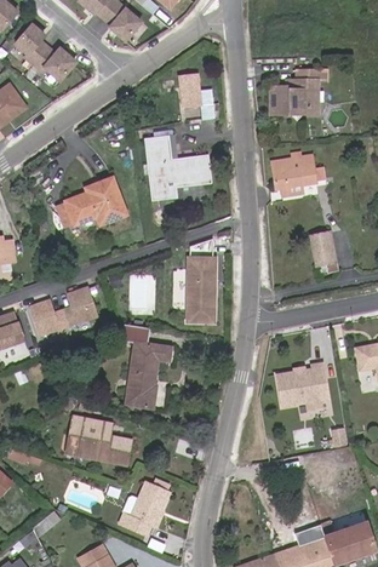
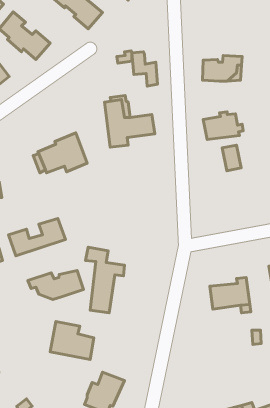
building: [313,231,337,264] -> [222,145,241,171]
building: [185,258,214,323] -> none
building: none -> [28,270,83,299]

